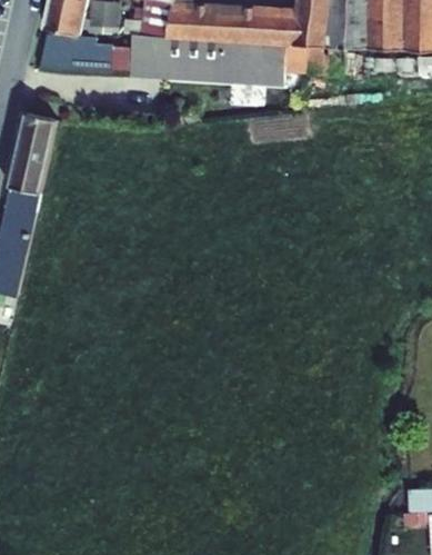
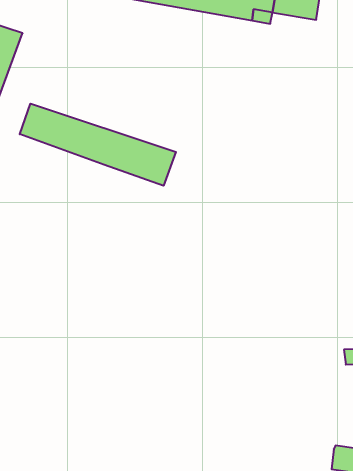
building: none -> [20,104,176,186]

